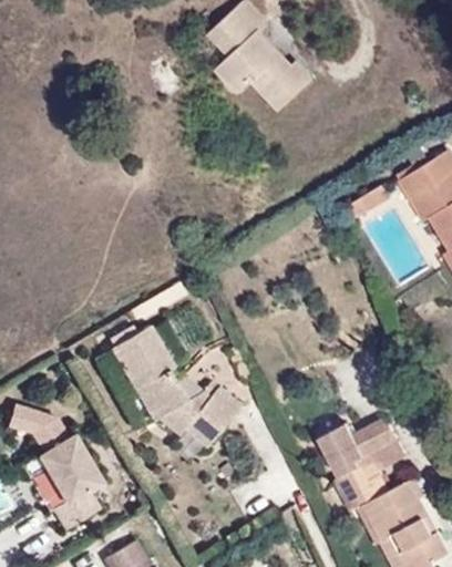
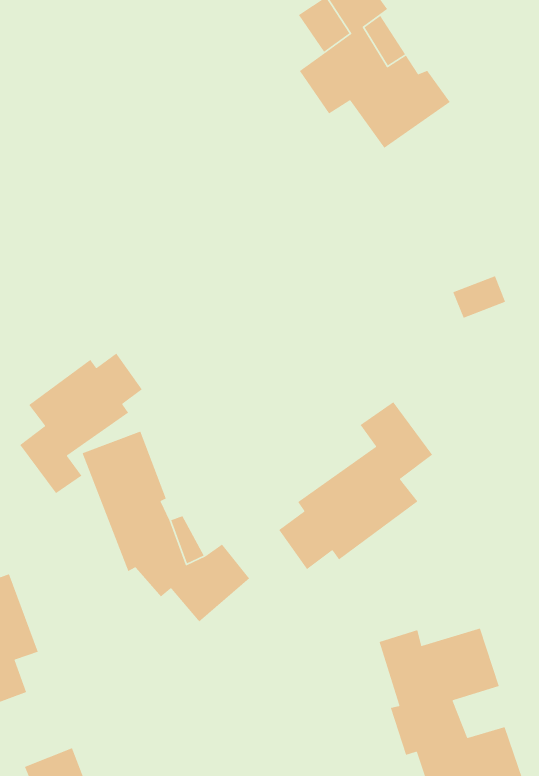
building: none -> [19,353,143,494]
building: none -> [278,401,433,570]

